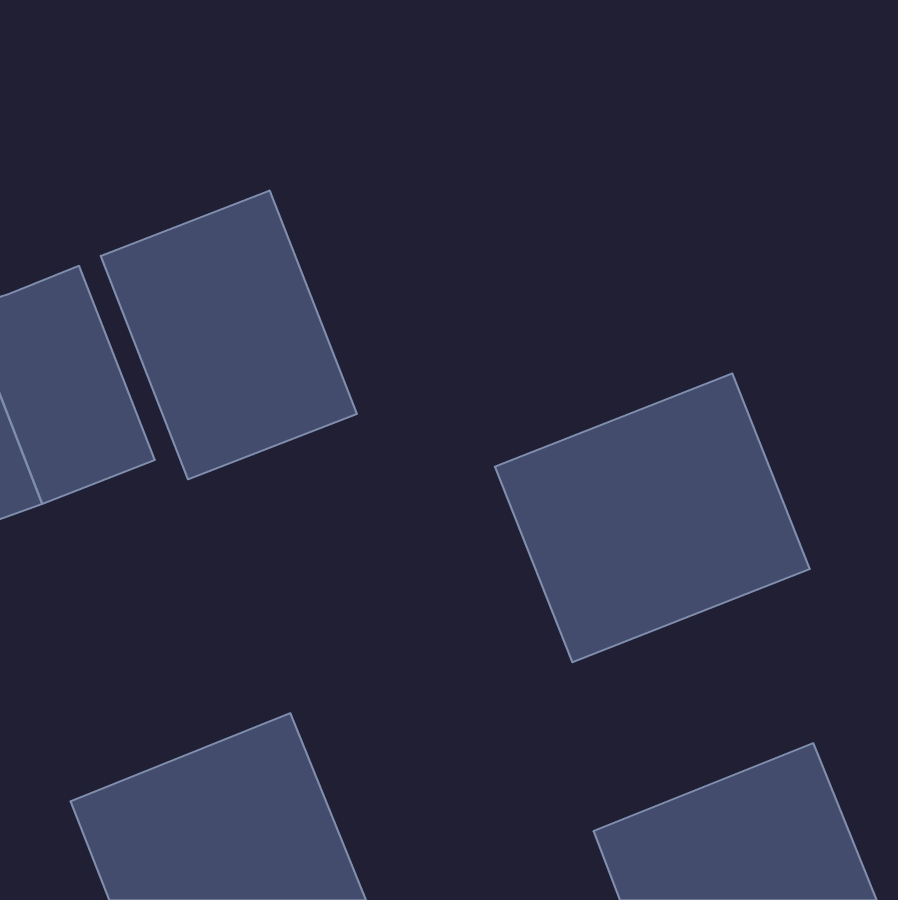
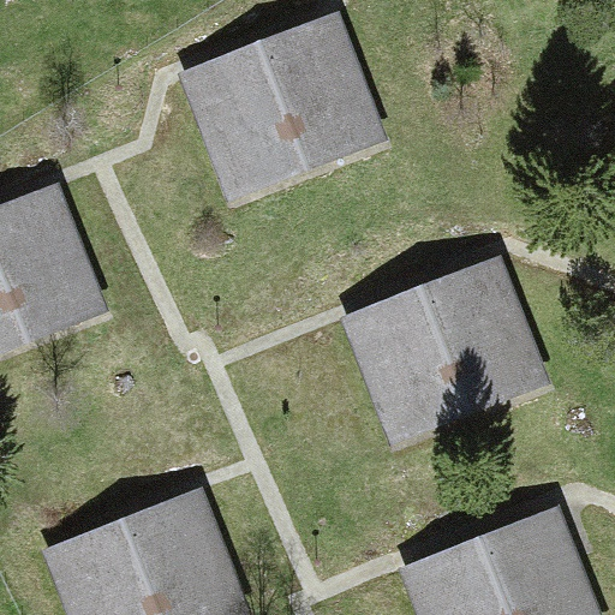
building: none -> [174,12,389,208]
building: [101,190,357,479] -> none

